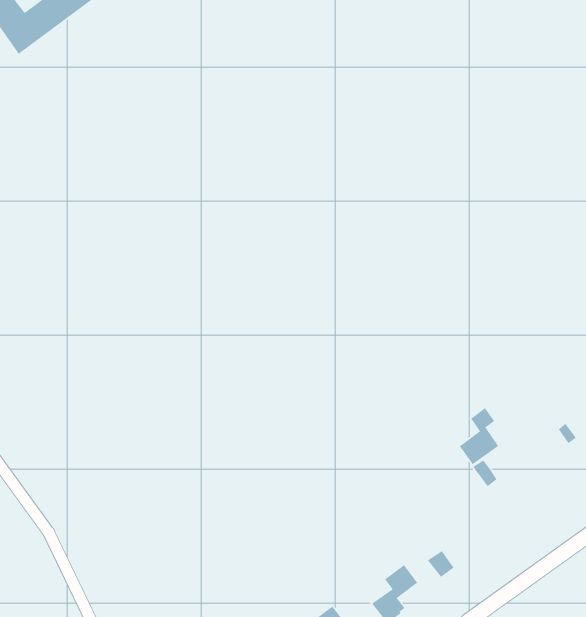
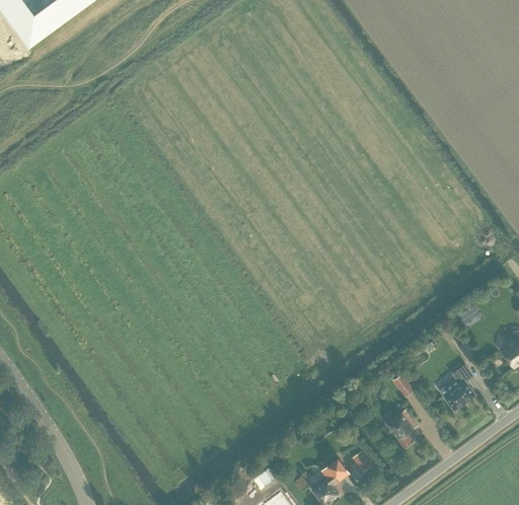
building: [459,407,499,465] -> [443,364,475,411]
building: none -> [386,409,417,447]

